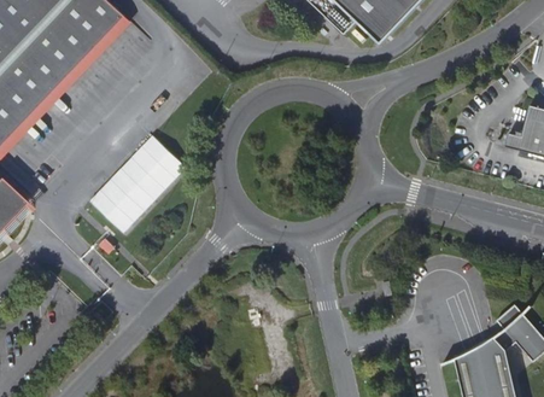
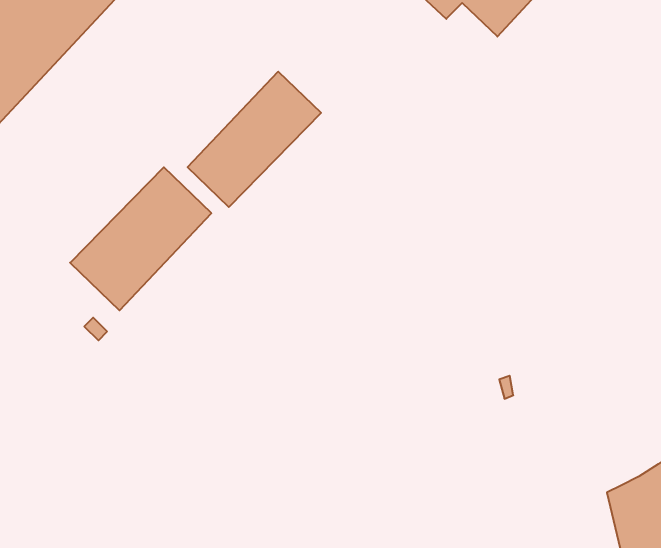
building: none -> [188,72,321,207]

